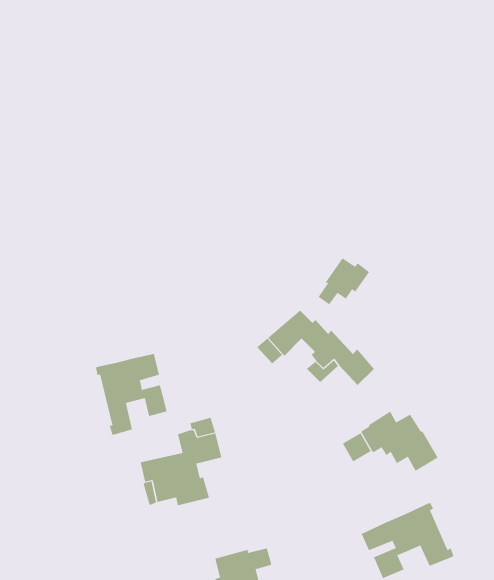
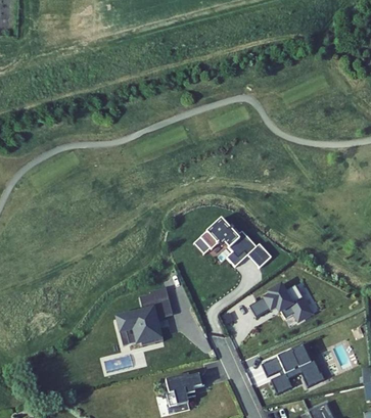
building: [318,257,370,305] -> none
building: [95,353,167,436] -> none

